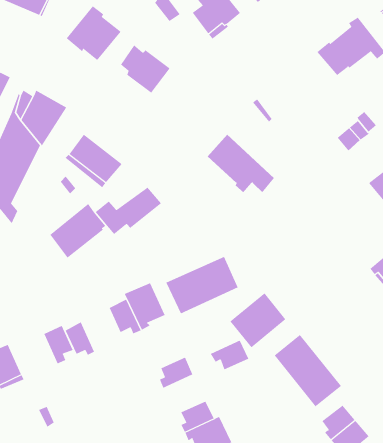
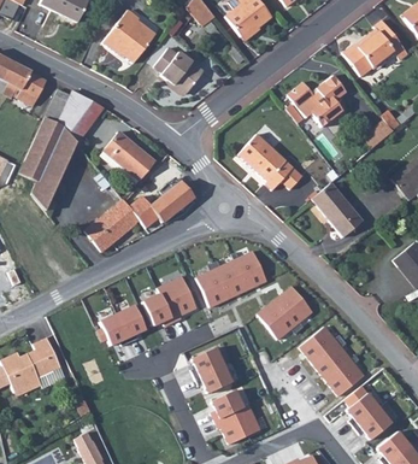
building: none -> [285,75,348,134]
building: none -> [311,183,363,239]
building: [43,325,74,364] -> [117,304,146,341]
building: [210,340,249,370] -> [195,363,232,392]

